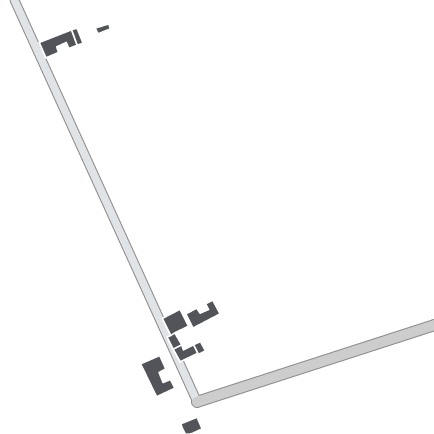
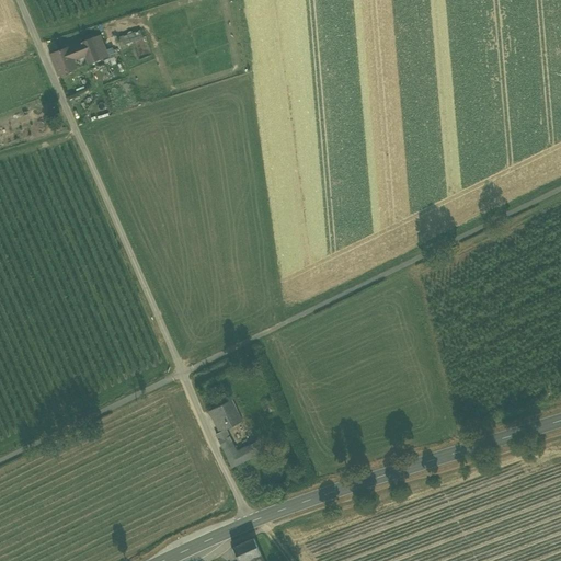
building: [186,300,220,328] -> none
building: [141,356,175,397] -> none

